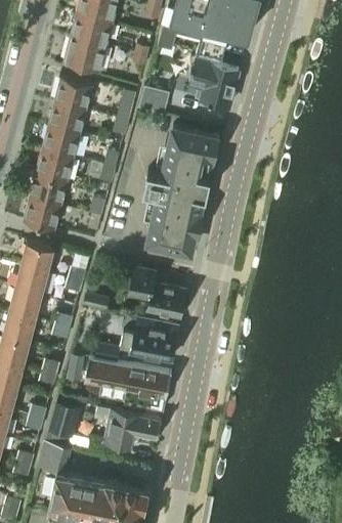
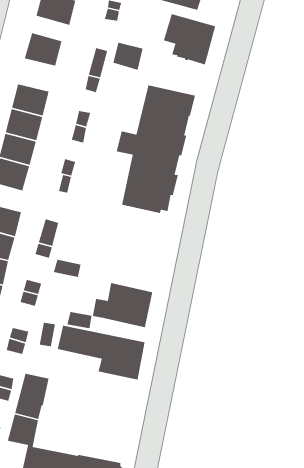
building: [48,103,85,134] -> none
building: [127,267,185,317] -> none
building: [95,408,161,449] -> none

